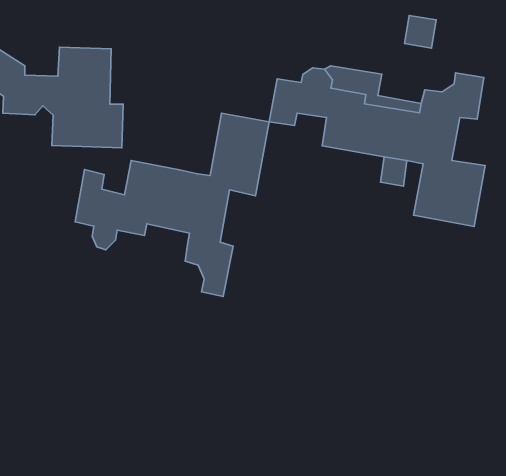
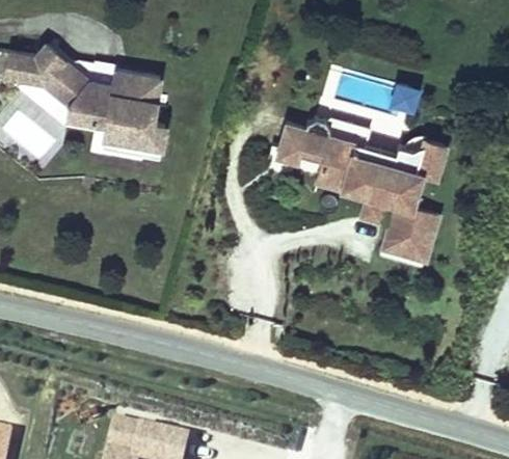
building: [75,113,269,297] -> none

